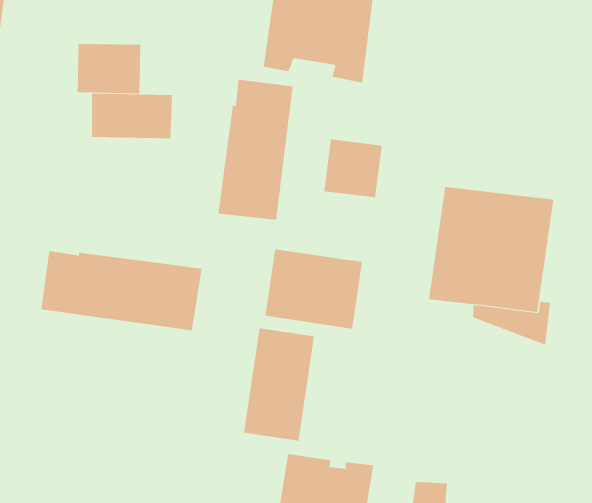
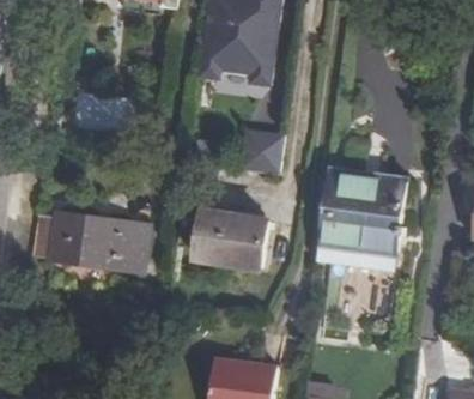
building: [77,43,141,94] -> none
building: [218,79,293,221] -> none
building: [243,327,314,441] -> none

